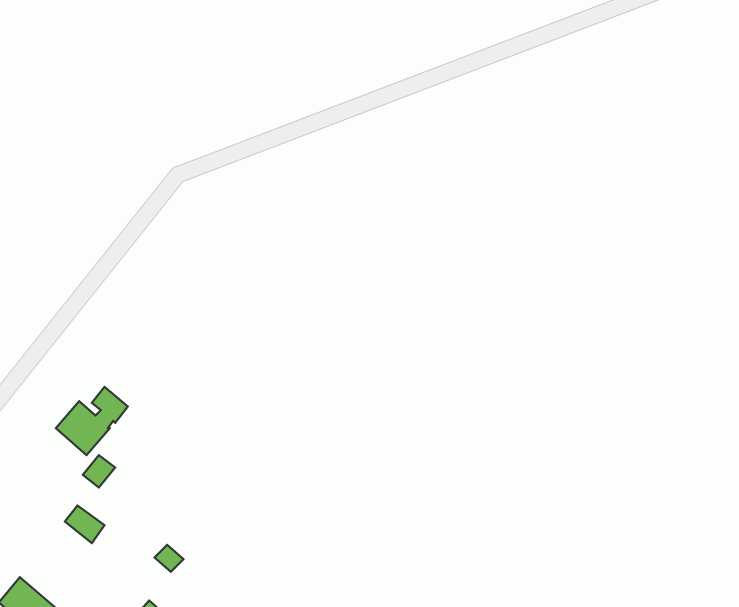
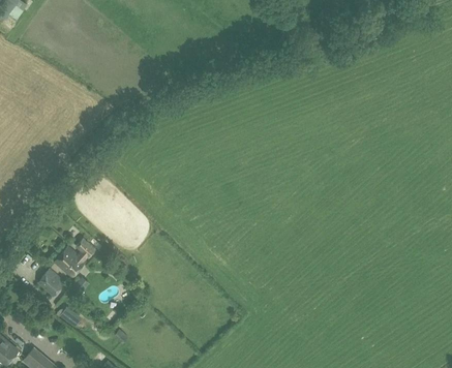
building: none -> [37,268,65,295]

